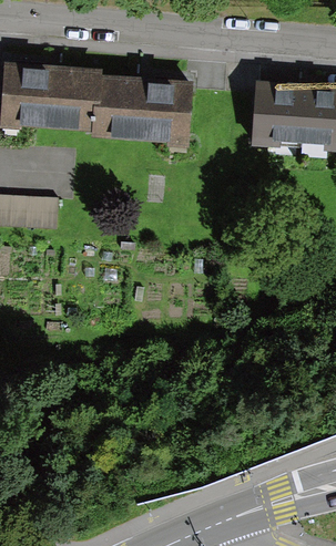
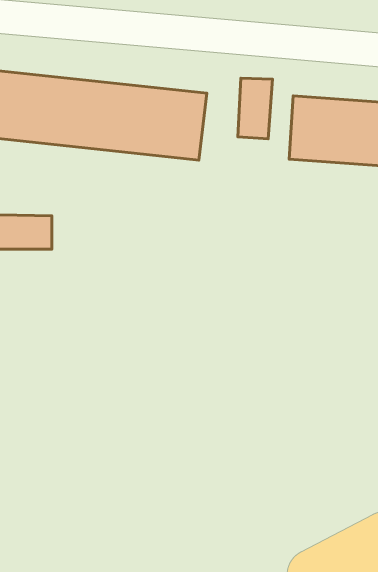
building: none -> [238,78,272,139]

